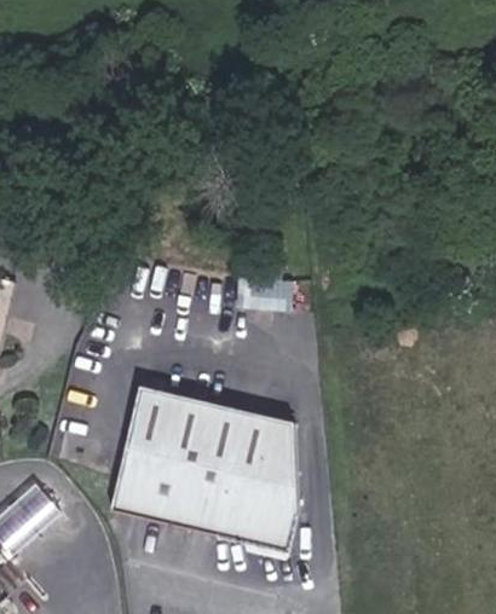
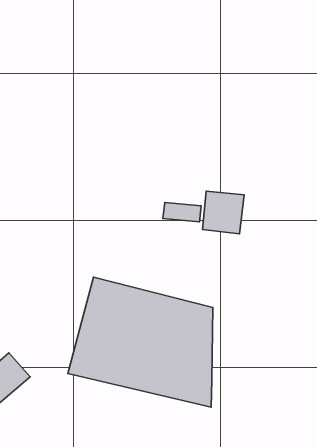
building: none -> [203,191,244,234]

